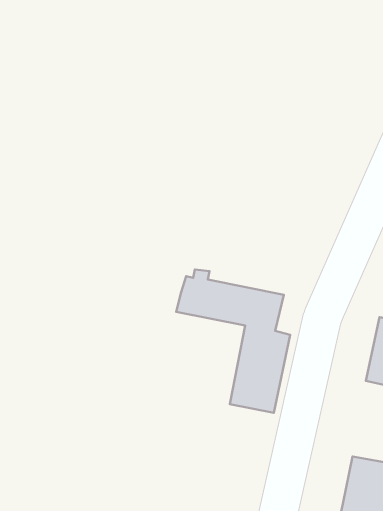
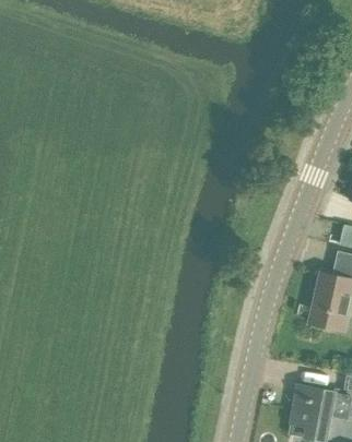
building: [176,270,290,413] -> none

